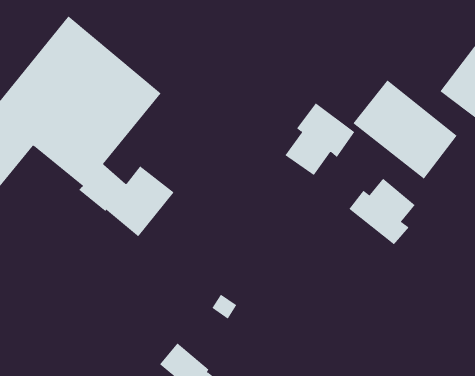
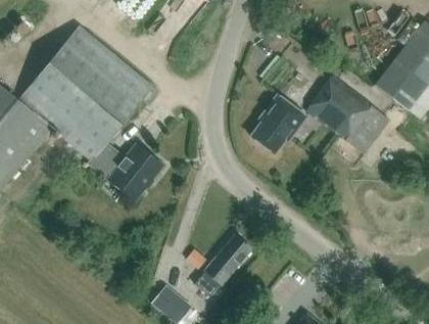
building: [348,178,416,245] -> none
building: none -> [197,235,251,296]

